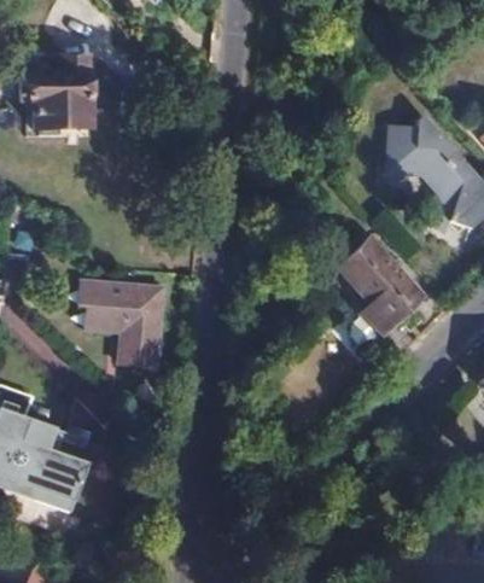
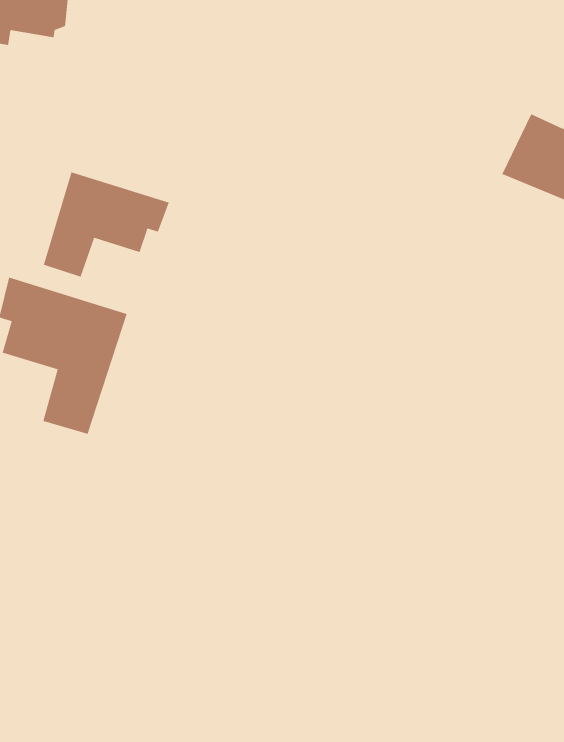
building: none -> [43,171,169,277]
building: [337,239,424,342] -> none

